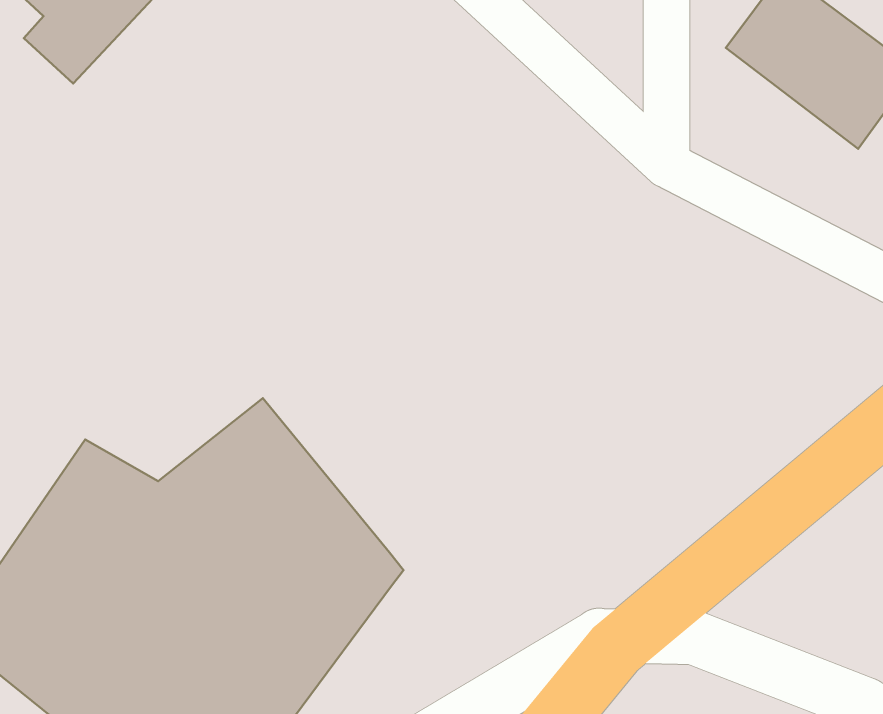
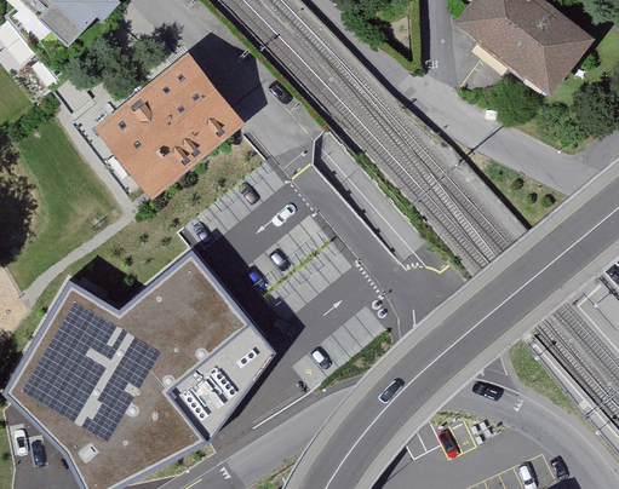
building: none -> [109,62,236,184]

